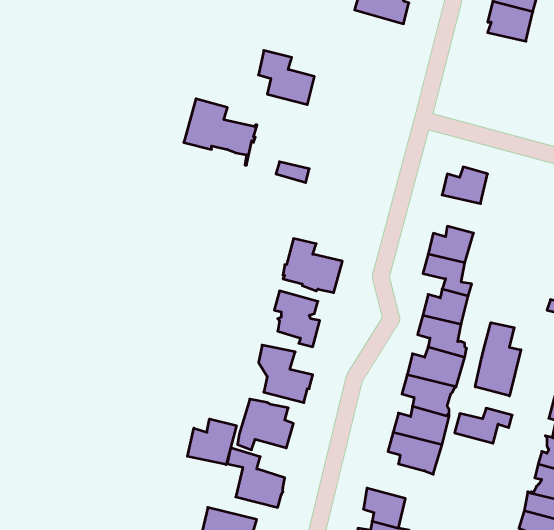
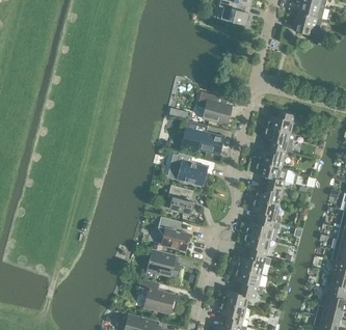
building: [258,50,314,105] -> [198,90,232,122]
building: [184,99,257,165] -> [182,119,225,159]
building: none -> [265,127,297,152]
building: [475,323,521,396] -> none
building: [455,408,512,443] -> [223,286,258,307]
building: [187,419,236,465] -> none

